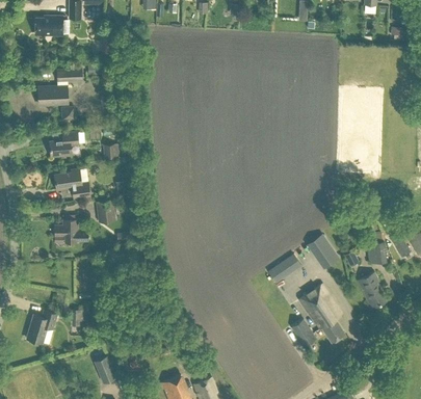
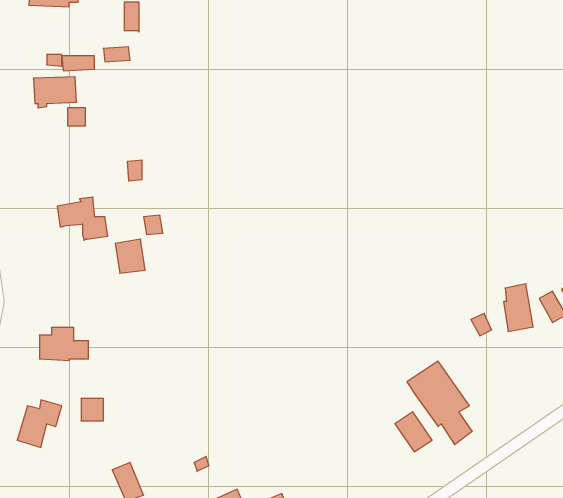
building: [49,132,77,157] -> none
building: [54,219,88,242] -> [39,328,89,360]
building: [306,231,338,267] -> none
building: [267,254,300,283] -> none
building: [358,271,386,308] -> none

